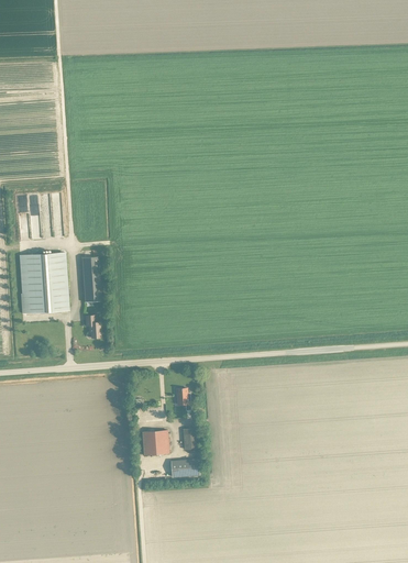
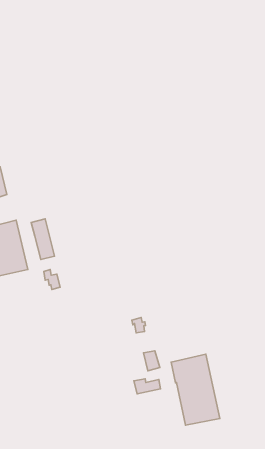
building: [142,431,169,455] -> none
building: none -> [171,354,220,425]

